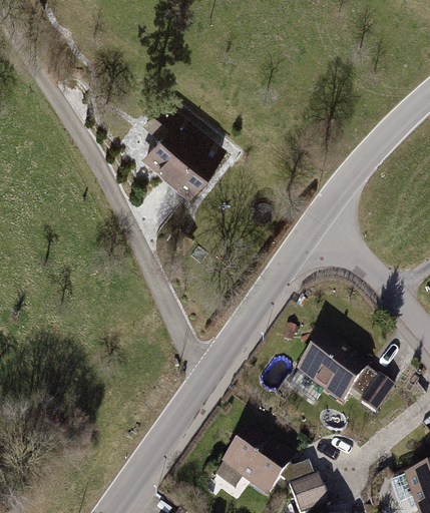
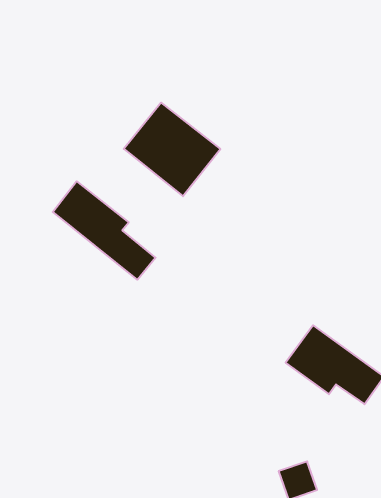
building: none -> [53,181,156,280]
building: [214,423,294,493] -> none

